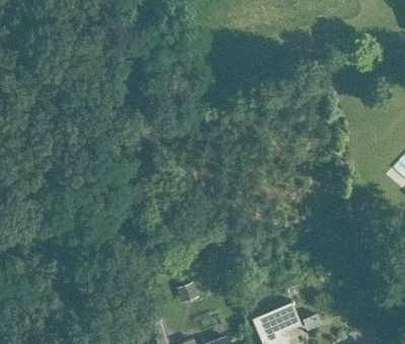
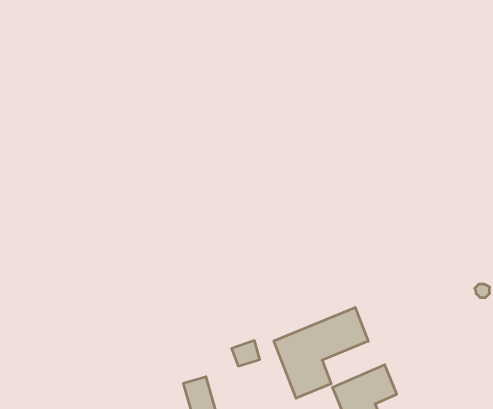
building: none -> [274,307,368,398]

